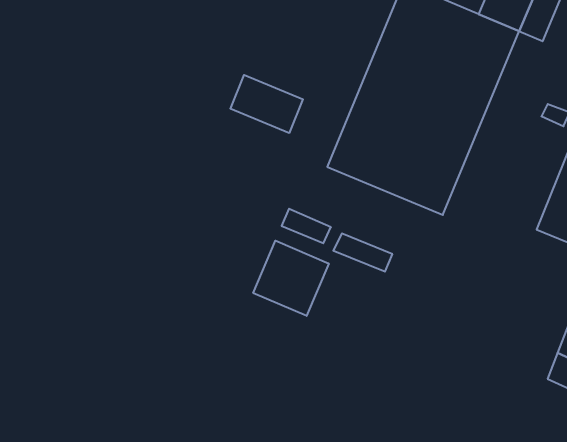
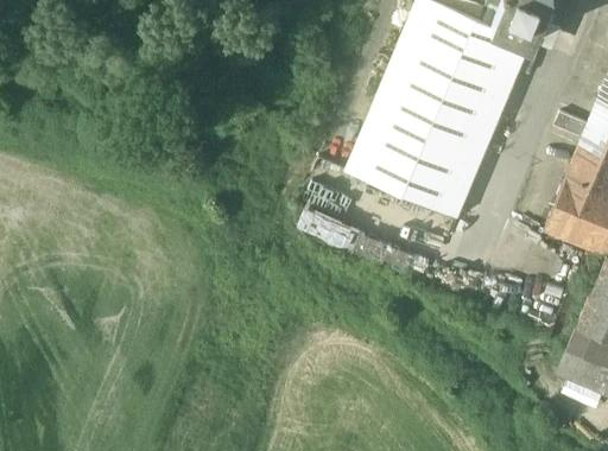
building: [230,75,303,133] -> none
building: [253,241,329,316] -> none

